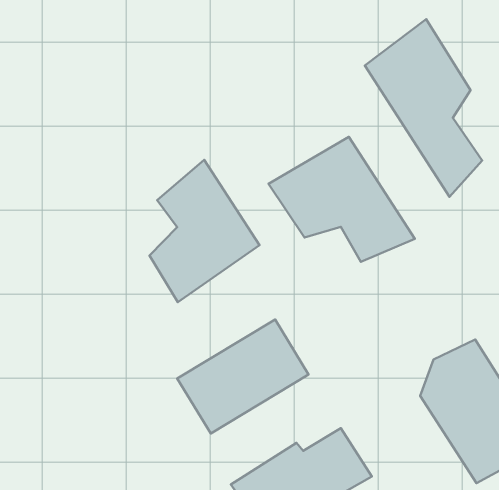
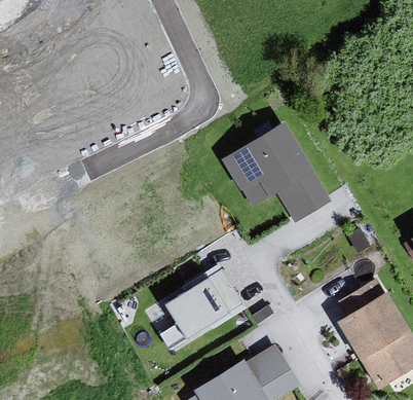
building: [365,19,482,197] -> none
building: [150,160,259,302] -> none

